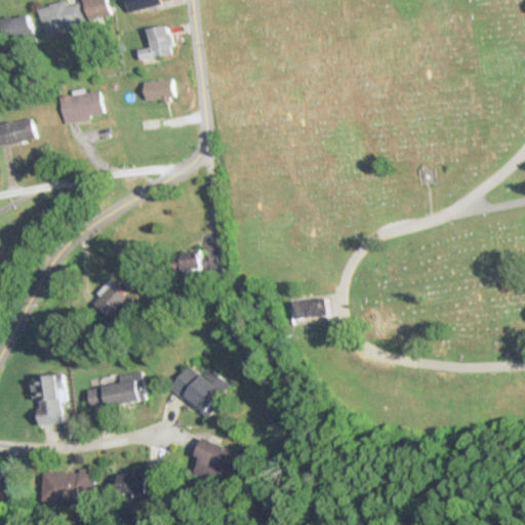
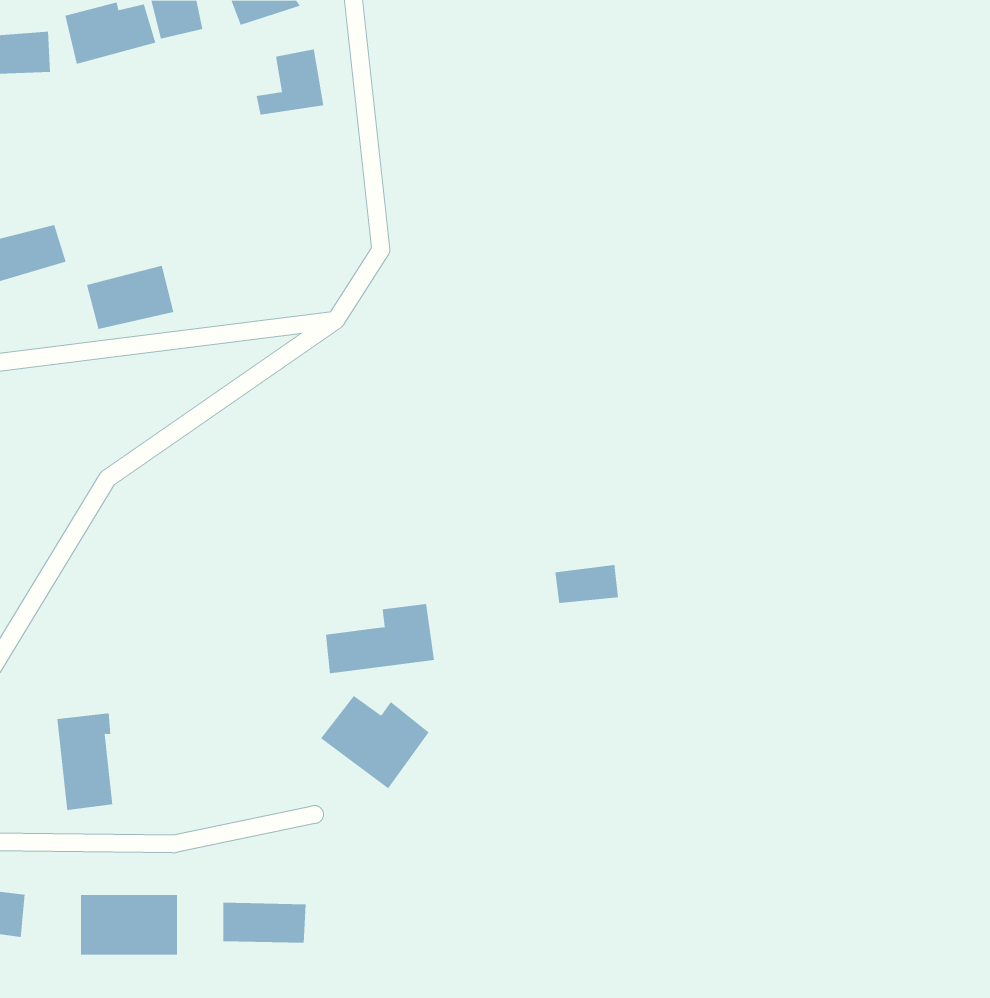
building: [139,79,172,103] -> none
building: [56,90,103,124] -> [86,265,174,330]
building: [176,250,198,270] -> none
building: [89,280,126,318] -> none
building: [86,371,144,408] -> [325,603,435,674]
building: [194,439,238,485] -> none

